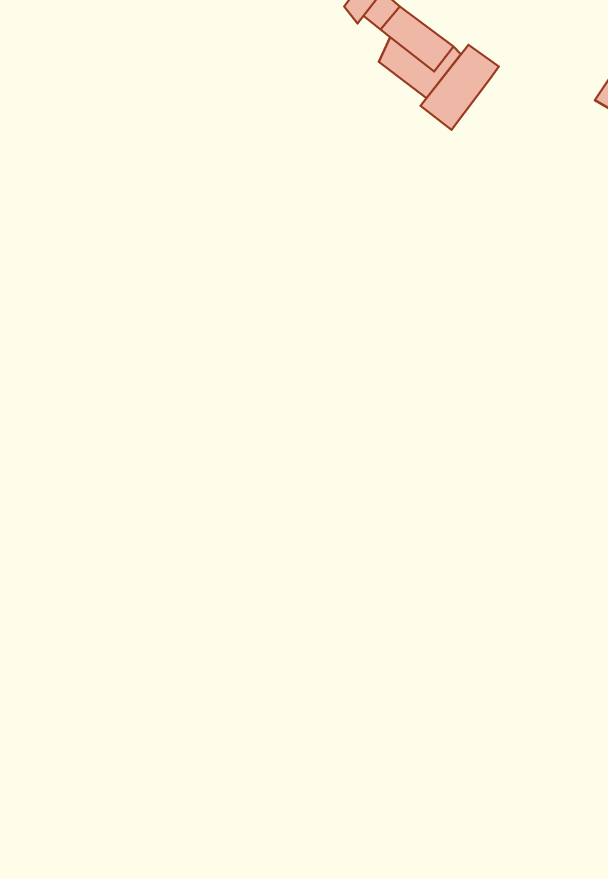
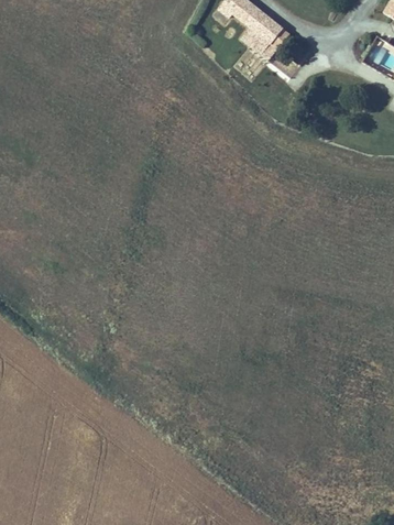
building: [421,45,499,130] -> none

